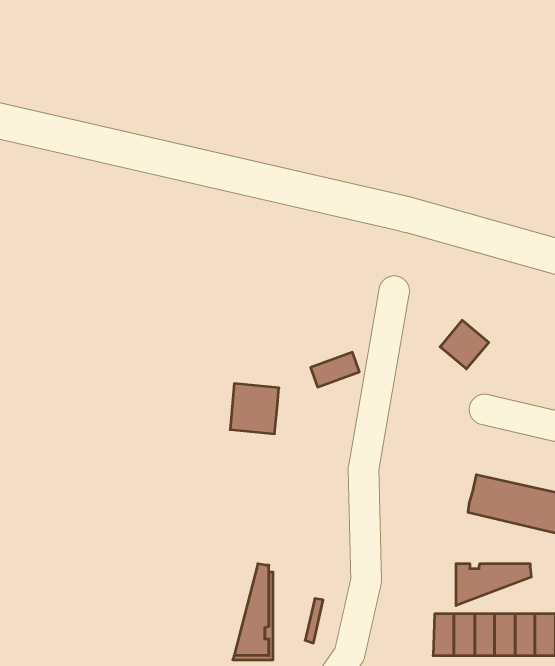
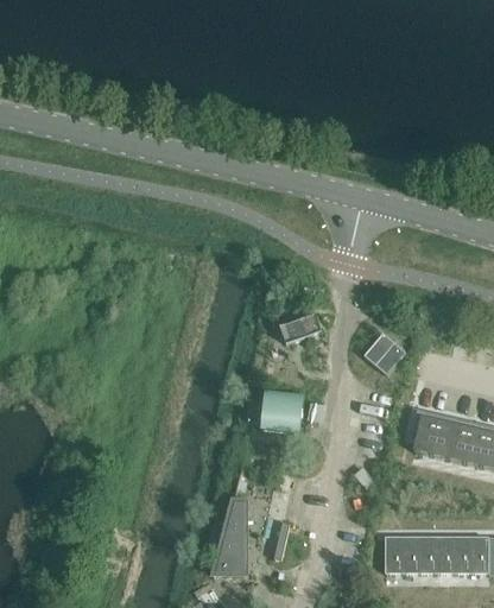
building: [440,320,489,369] -> [363,331,405,373]
building: [230,384,279,434] -> [261,390,303,432]
building: [456,564,531,606] -> none

